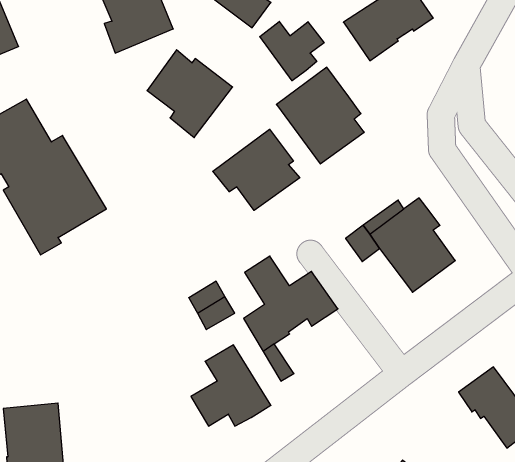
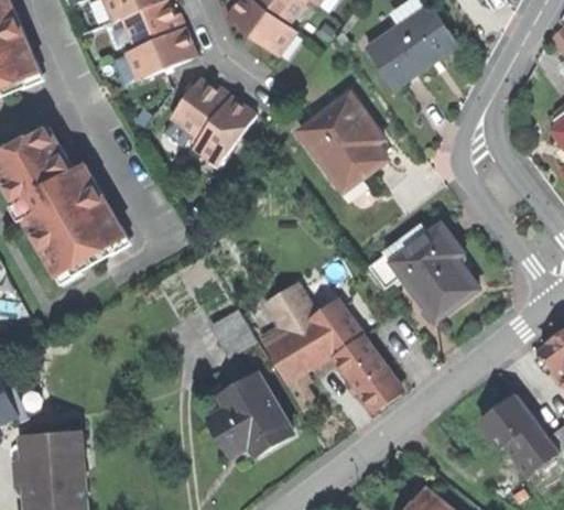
building: [260,21,324,81] -> none
building: [213,129,300,210] -> none
building: none -> [334,337,399,409]

